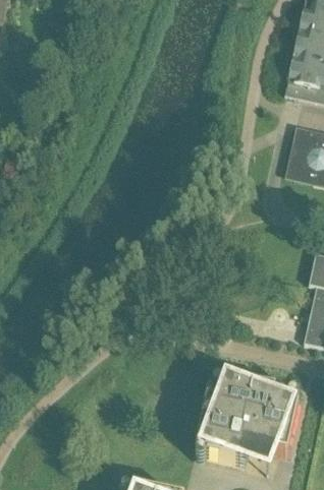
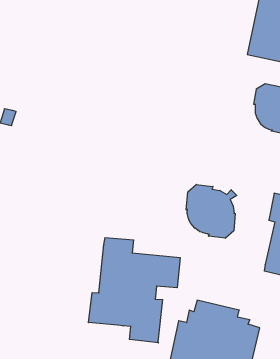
building: none -> [186,184,237,238]
building: none -> [88,238,180,343]

